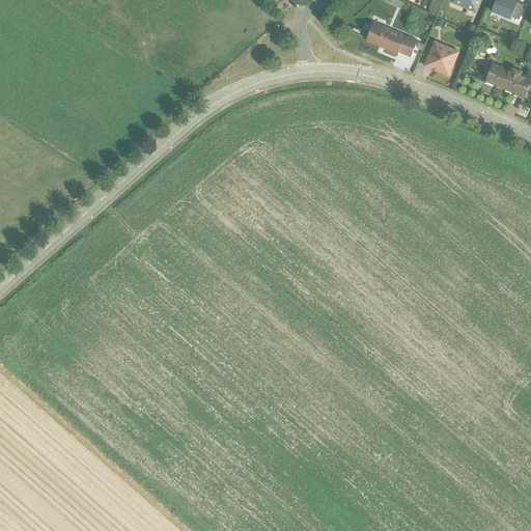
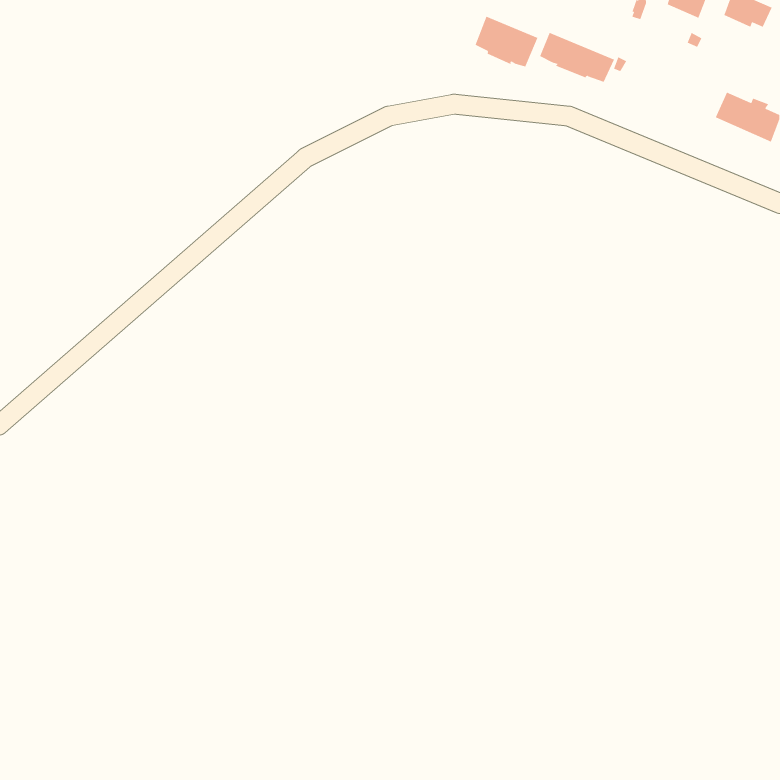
building: none -> [475,16,538,71]
building: [424,40,457,75] -> none

